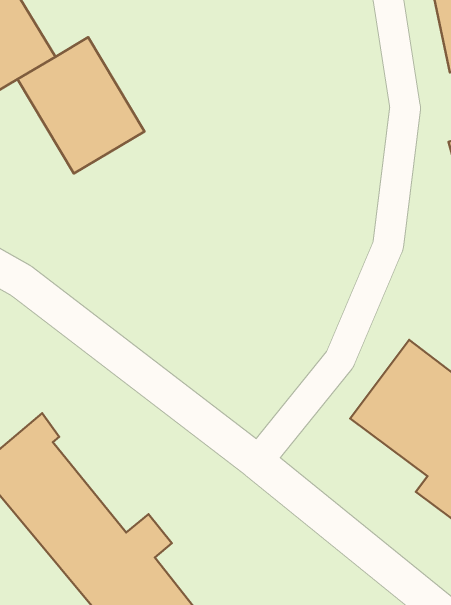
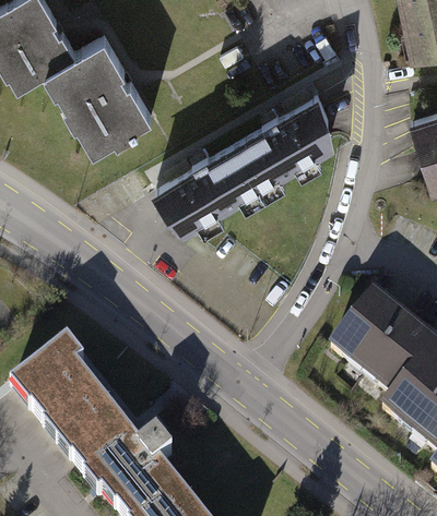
building: none -> [146,88,341,238]

